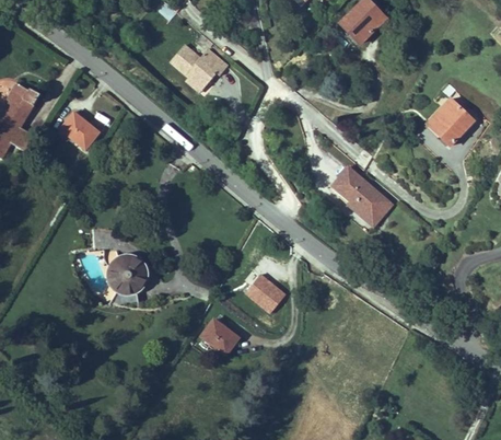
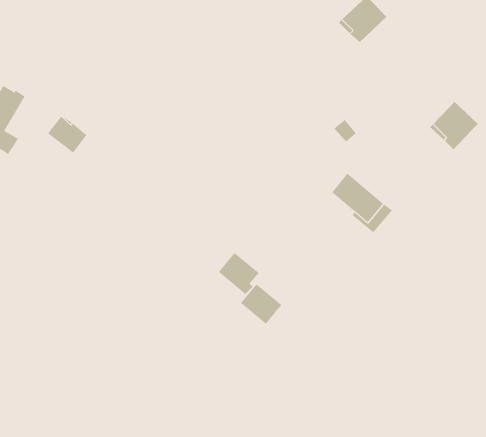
building: [170,45,228,86] -> none
building: none -> [218,252,259,295]
building: [109,256,145,306] -> none
building: [201,319,238,354] -> none

